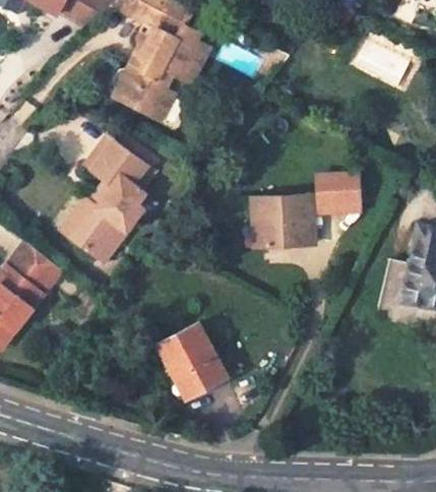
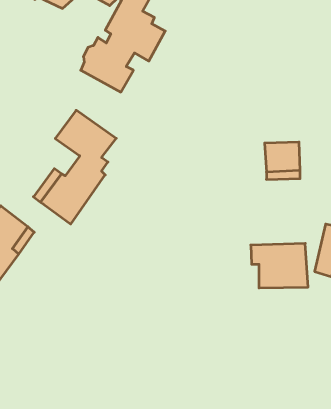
building: [251,196,315,246] -> [251,243,308,288]
building: [154,323,223,401] -> none

